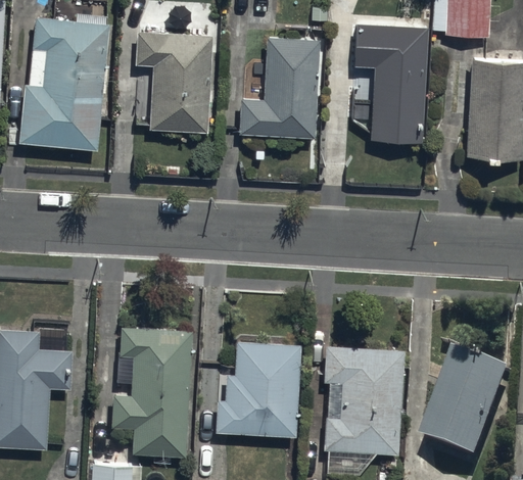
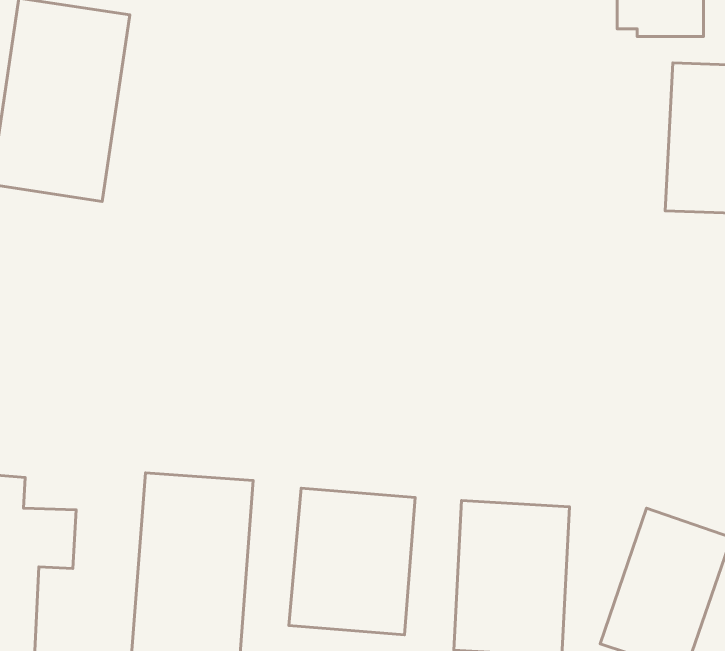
building: [356,25,431,144] -> none
building: [146,29,211,133] -> none
building: [254,35,322,140] -> none

